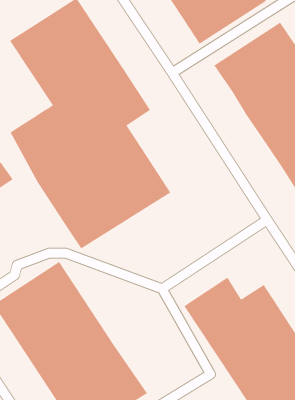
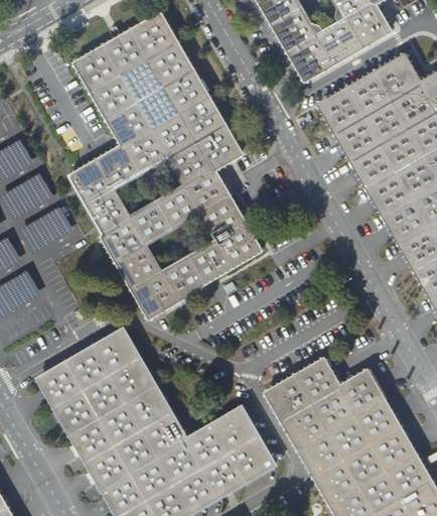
building: none -> [184,404,274,496]

